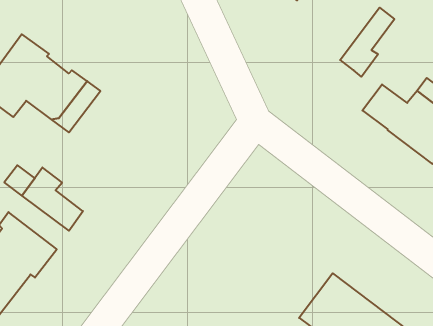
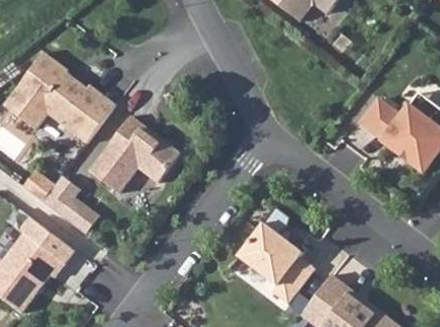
building: [340,8,394,77] -> none
building: none -> [88,116,180,193]
building: none -> [239,207,314,304]

